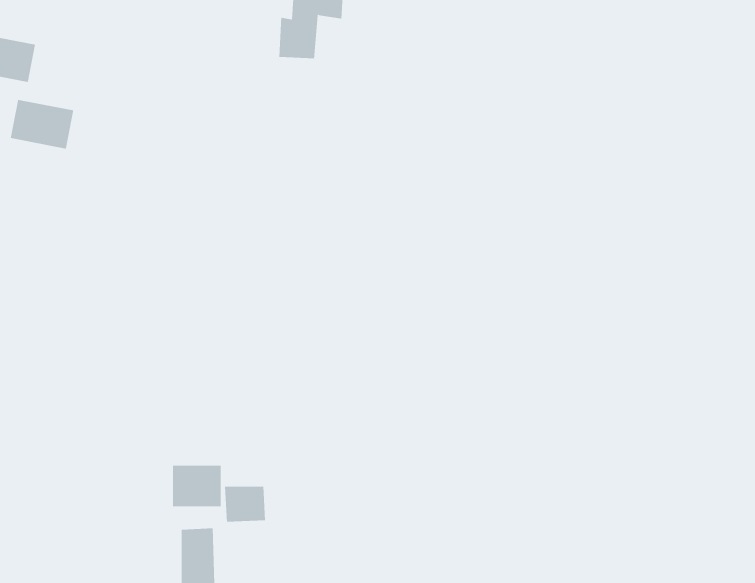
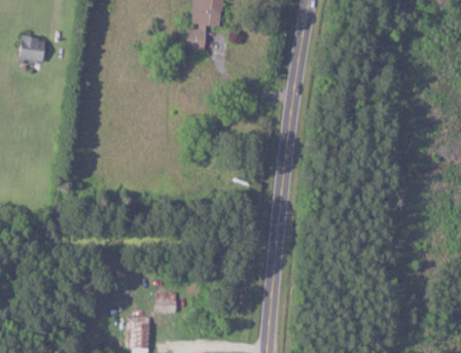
building: [10,99,74,149] -> none
building: [173,465,221,507] -> none

